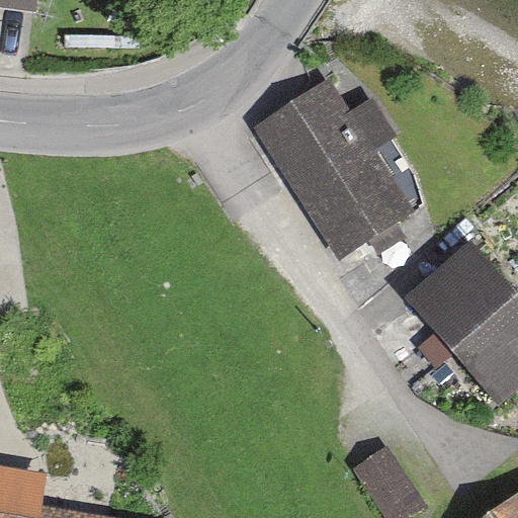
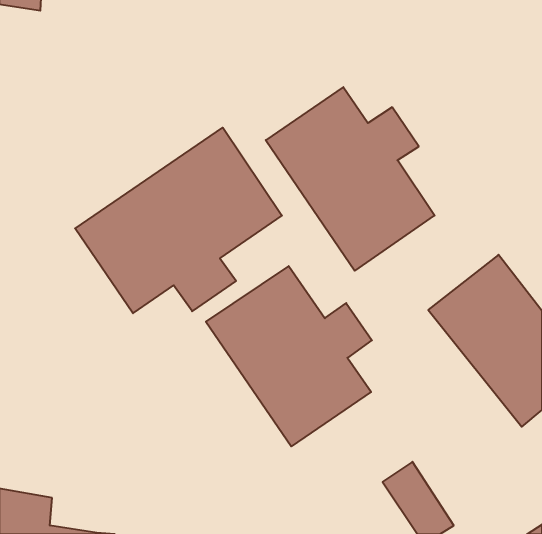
building: none -> [75,128,282,313]
building: none -> [206,266,372,446]

